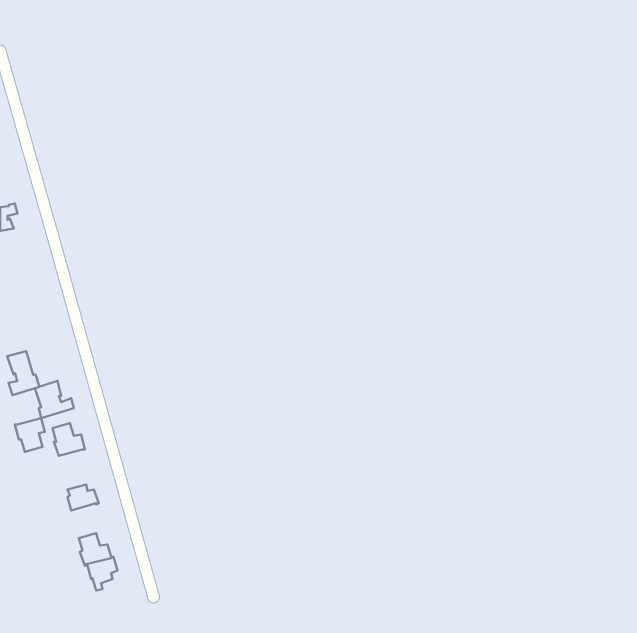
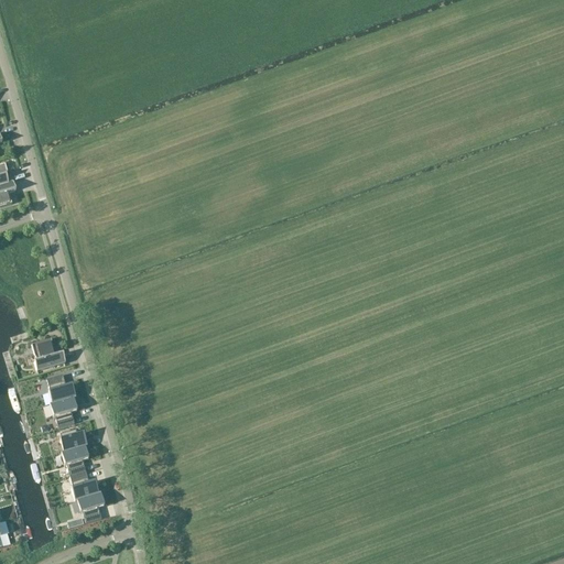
building: [7,351,40,395] -> none
building: [15,418,45,452] -> [51,397,77,426]
building: none -> [62,444,89,475]

